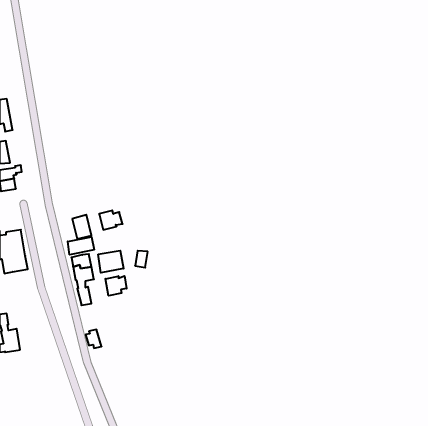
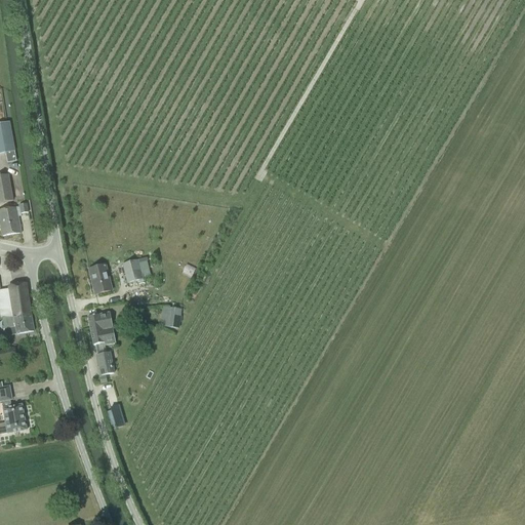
building: [68,237,94,255] -> none
building: [98,251,124,273] -> none
building: [105,276,127,296] -> none

